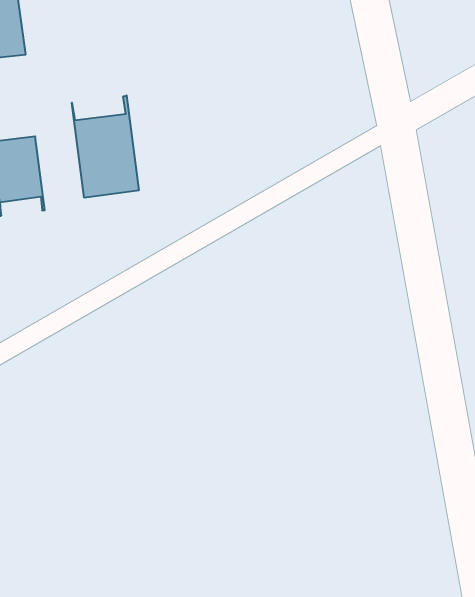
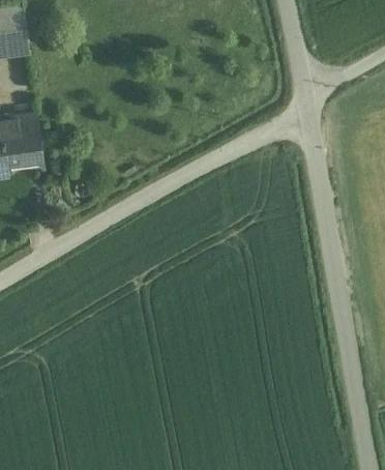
building: [72,95,139,198] -> none

